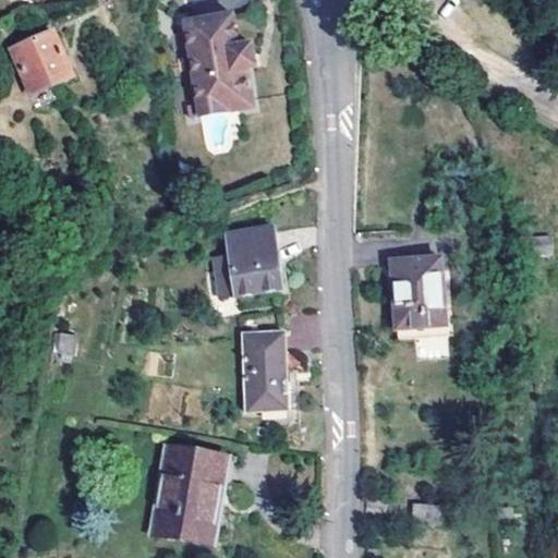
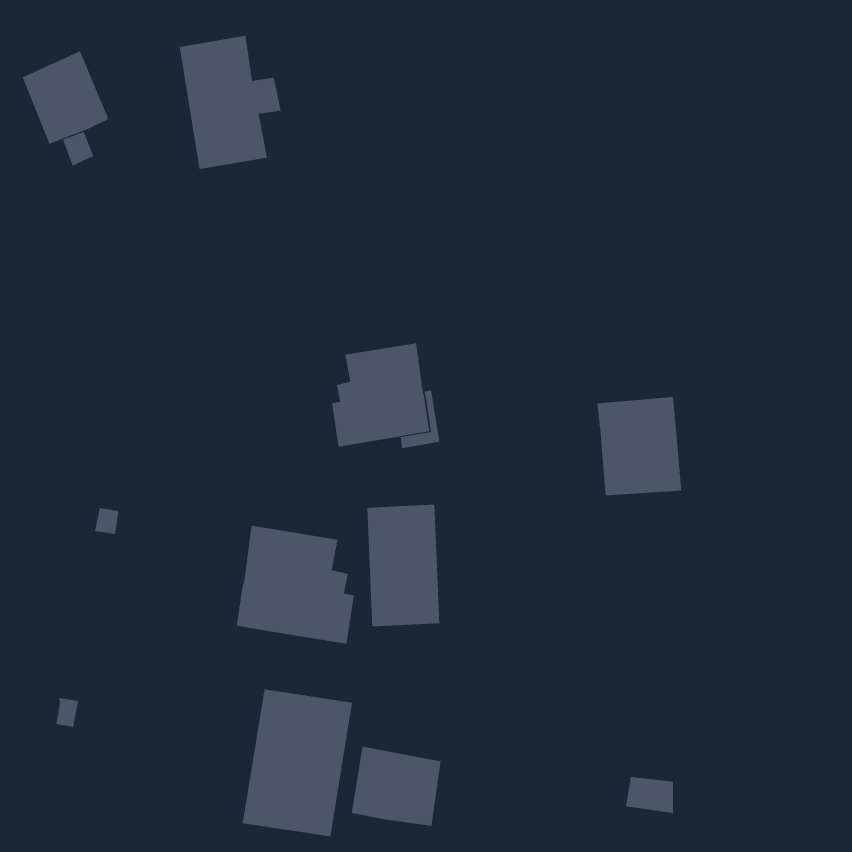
building: [184,14,251,101] -> [179,35,281,169]
building: none -> [236,525,355,644]
building: none -> [351,746,441,827]

